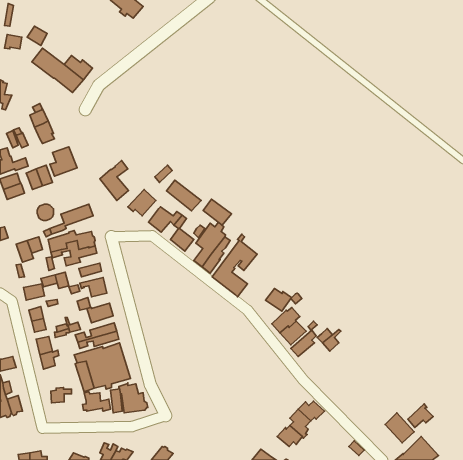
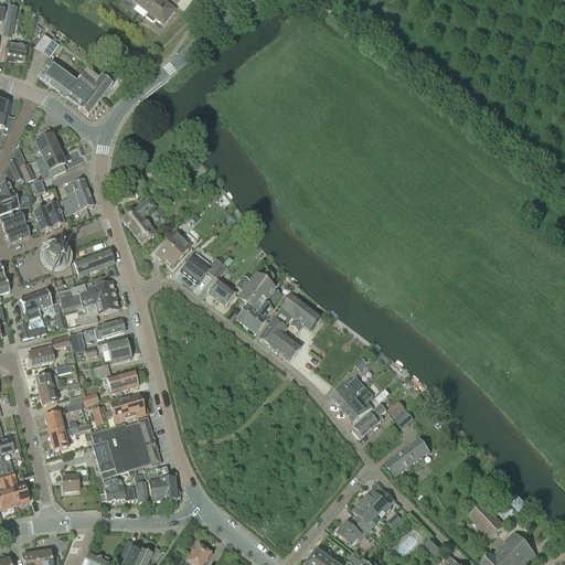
building: [167,180,201,211] -> none
building: [203,199,232,225] -> none
building: [266,288,292,311] -> none
building: none -> [385,436,429,475]

